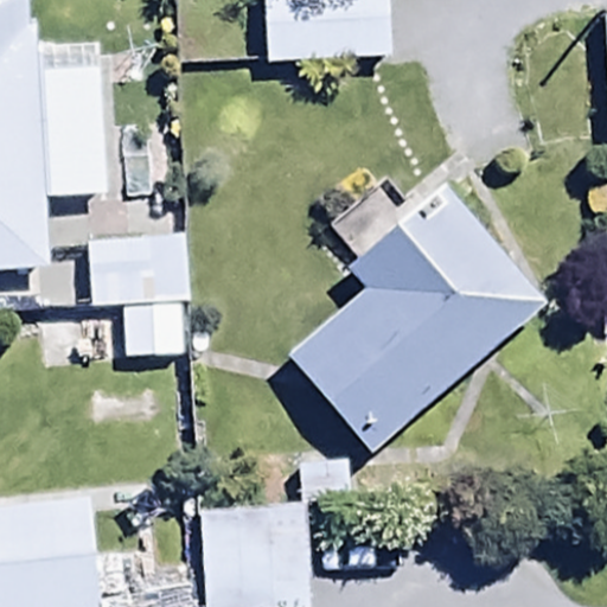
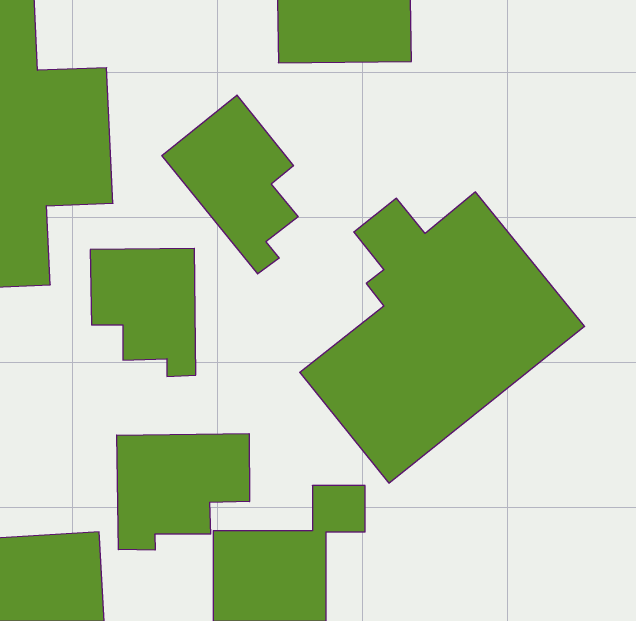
building: none -> [162,95,298,274]
building: none -> [117,434,249,550]

